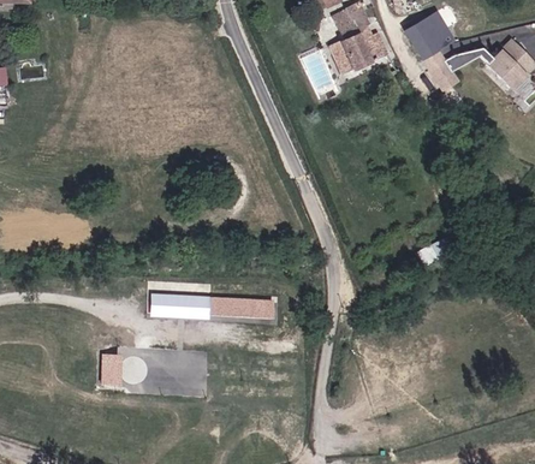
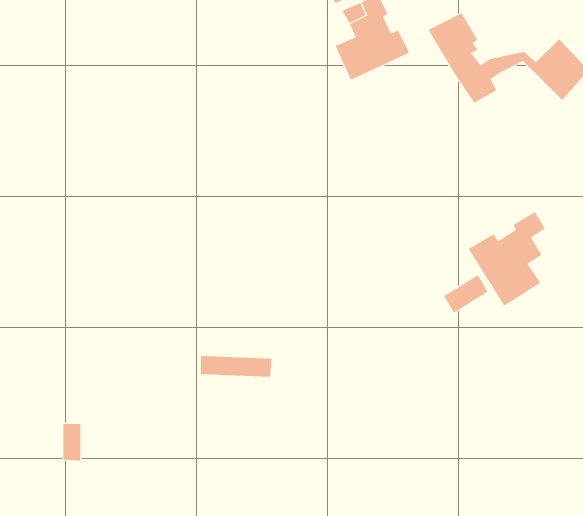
building: none -> [468,211,545,306]
building: [150,295,209,320] -> none

